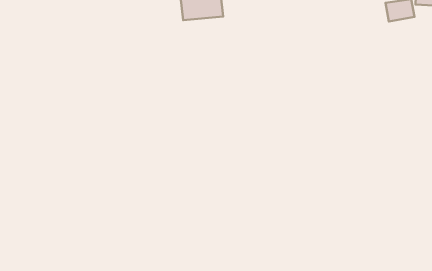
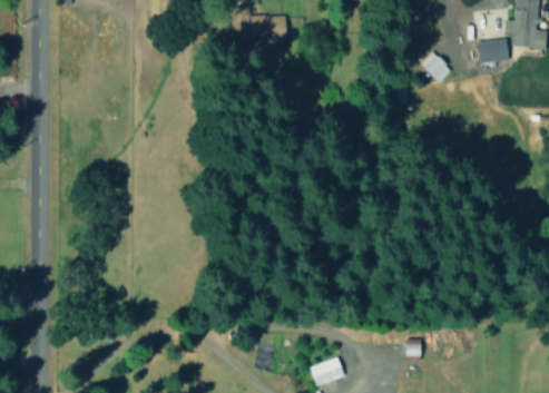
building: none -> [419,50,450,82]

